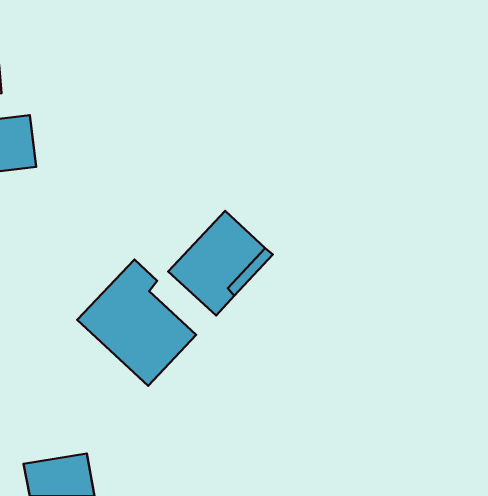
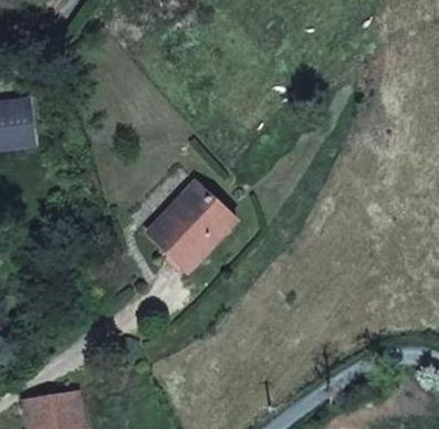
building: [77,260,196,386] -> none

